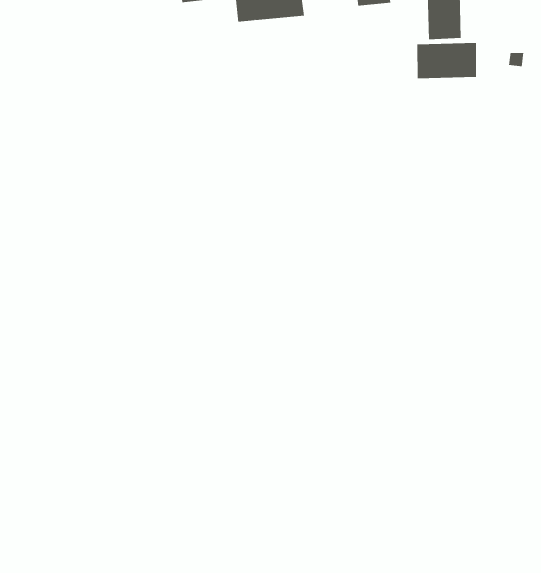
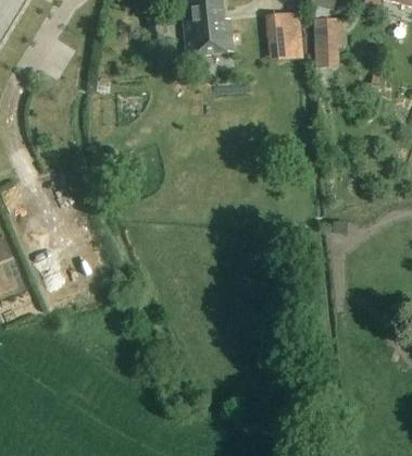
building: [417,42,477,79] -> none

